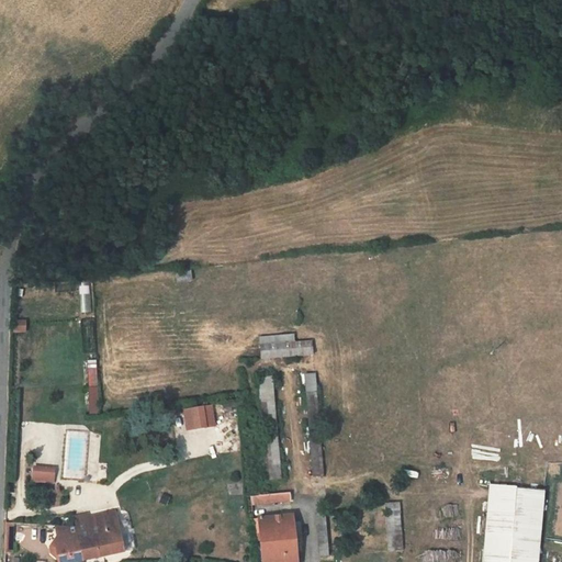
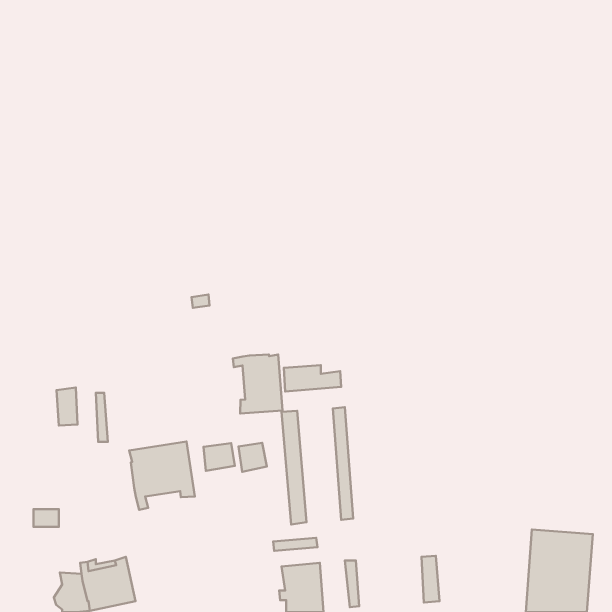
building: none -> [233,354,282,413]
building: none -> [57,388,78,425]
building: none -> [129,441,195,510]
building: none -> [239,443,267,472]

